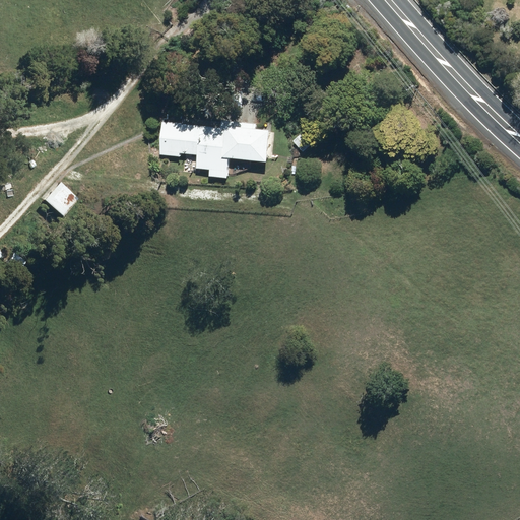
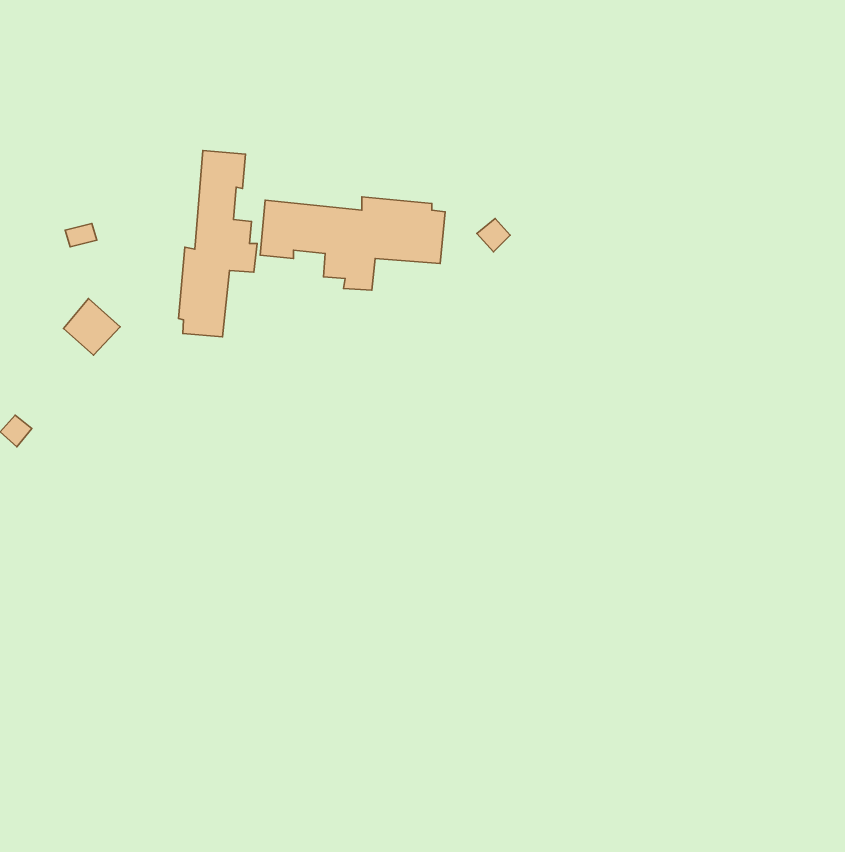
building: none -> [179,150,257,337]

